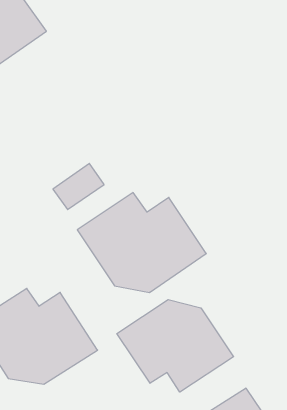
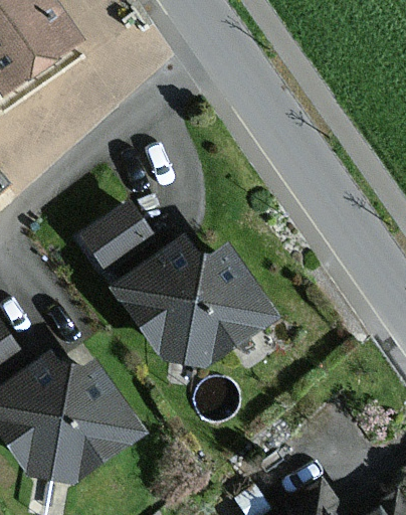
building: [117,300,234,392] -> none

